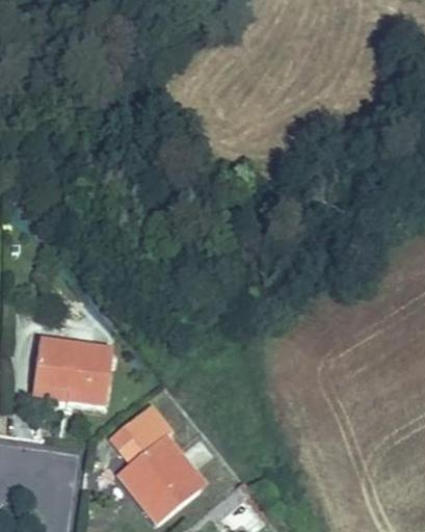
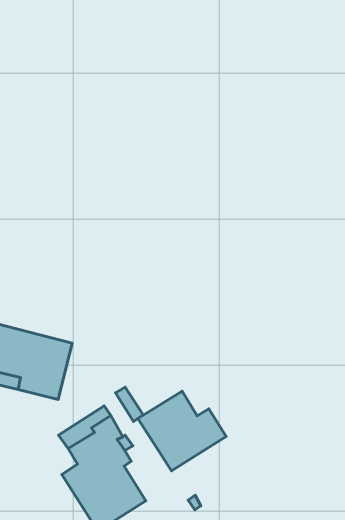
building: none -> [138,391,226,471]

